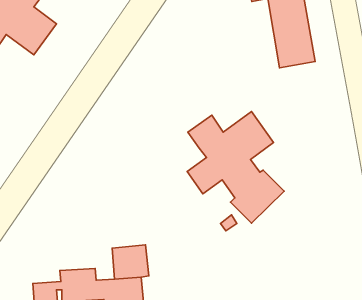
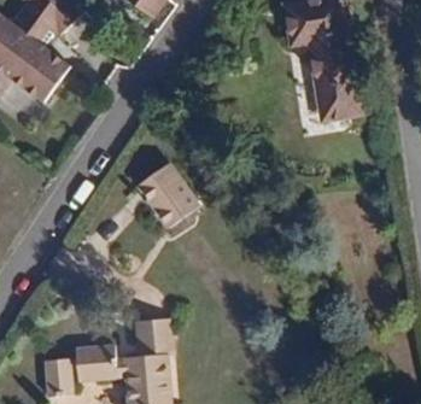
building: none -> [136,162,197,226]
building: [187,112,284,223] -> none

